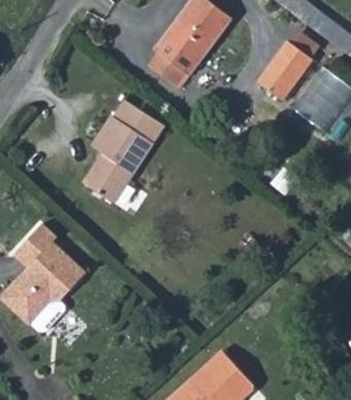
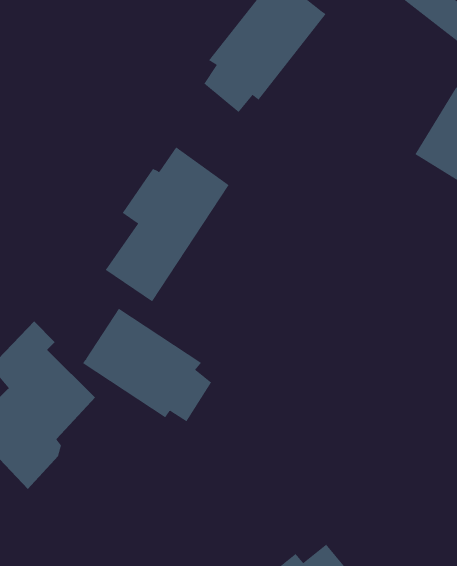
building: [258,37,314,96] -> none
building: none -> [82,308,212,422]

